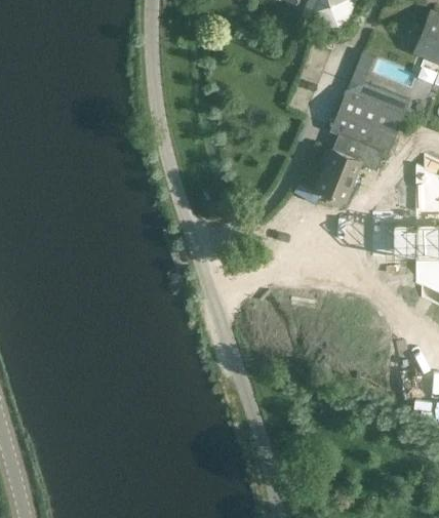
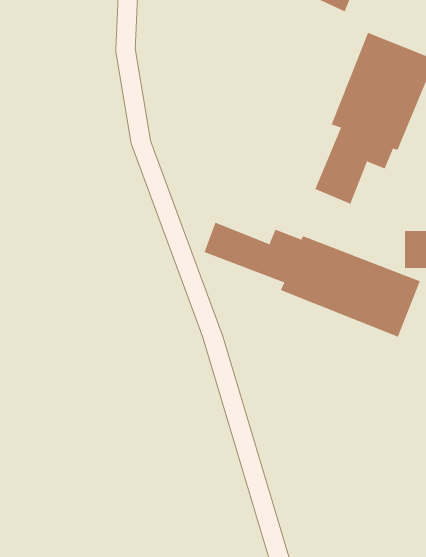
building: none -> [204,222,421,337]

